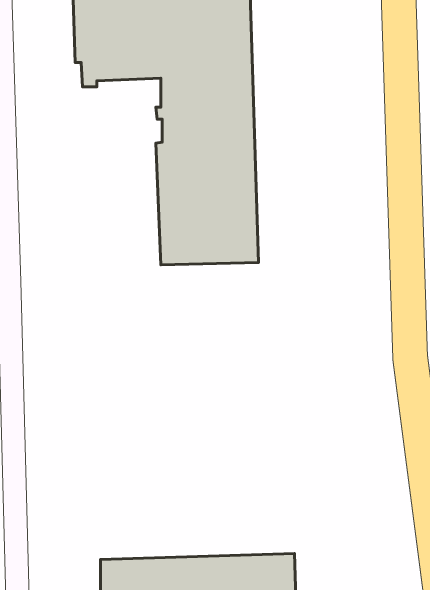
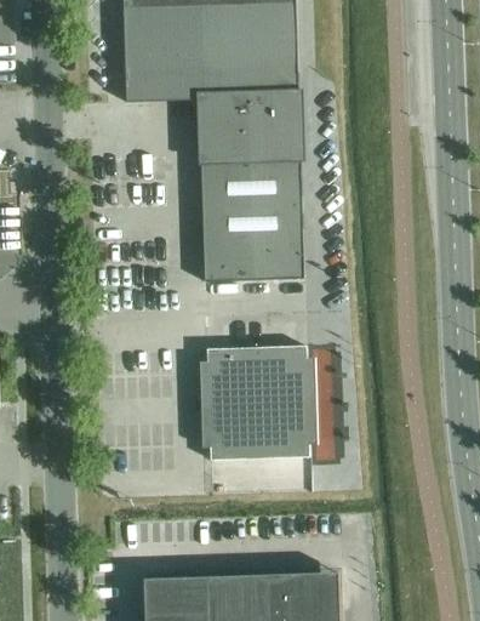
building: none -> [201,346,319,461]

